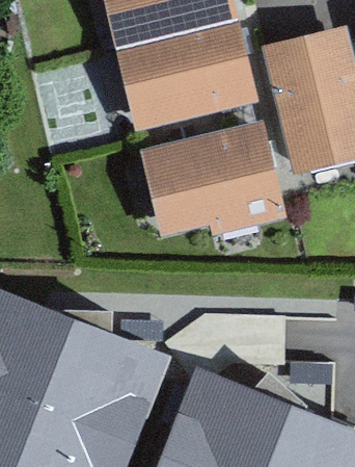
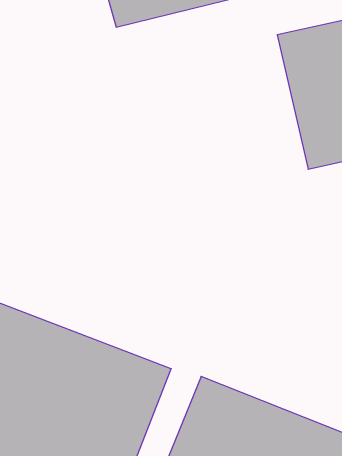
building: [125,26,260,123] -> none
building: [142,122,278,235] -> none

